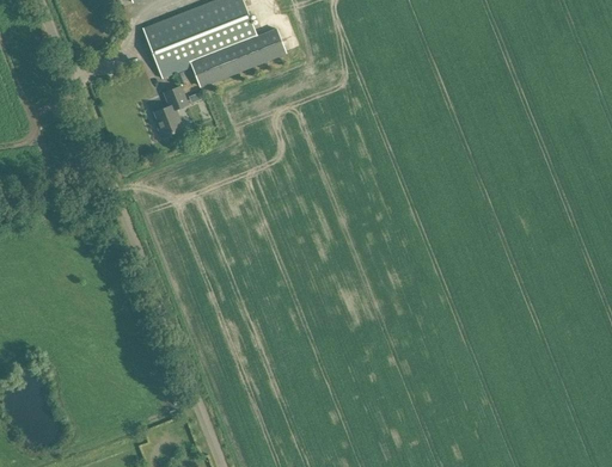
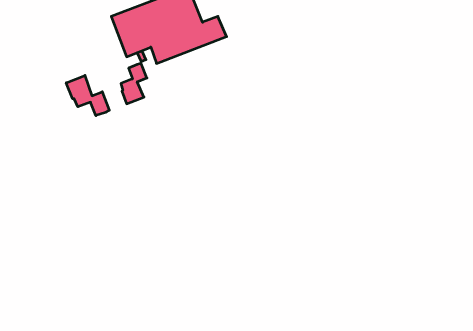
building: none -> [66,75,109,116]

